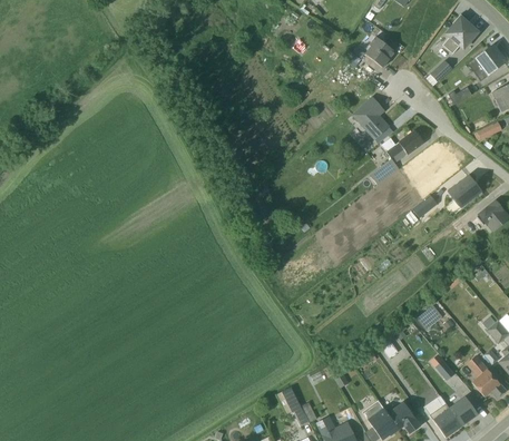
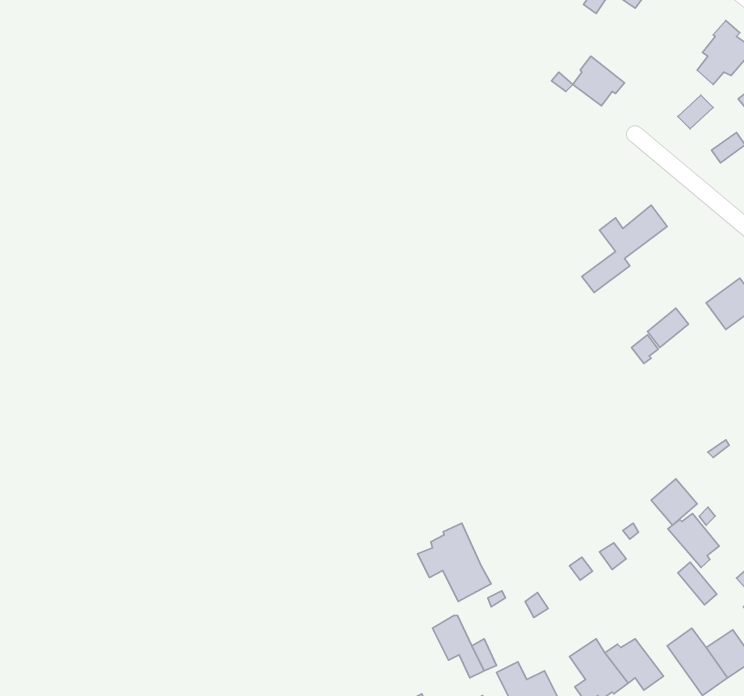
building: [351,96,390,140] -> none
building: none -> [668,514,719,568]
building: none -> [418,523,491,601]

